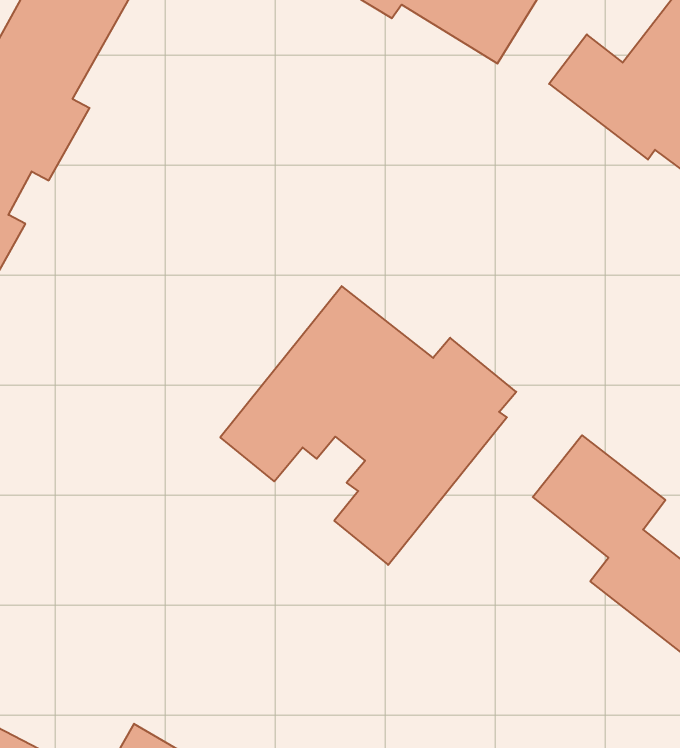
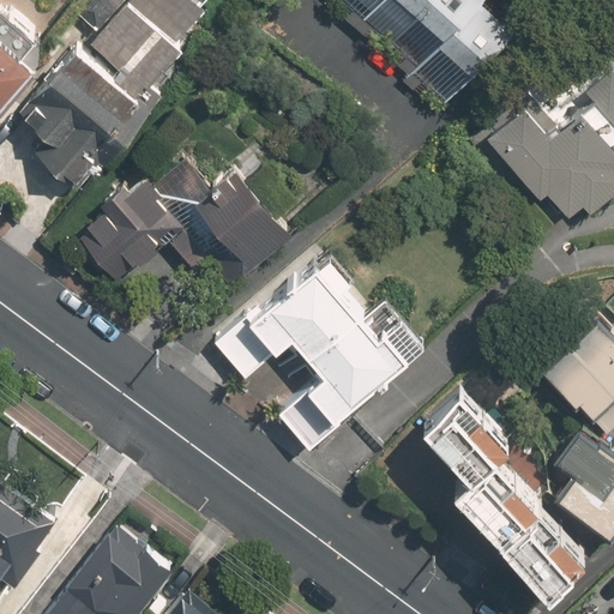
building: none -> [78,163,293,285]

